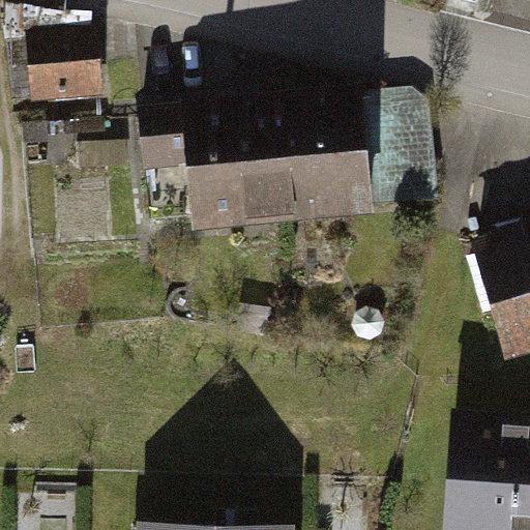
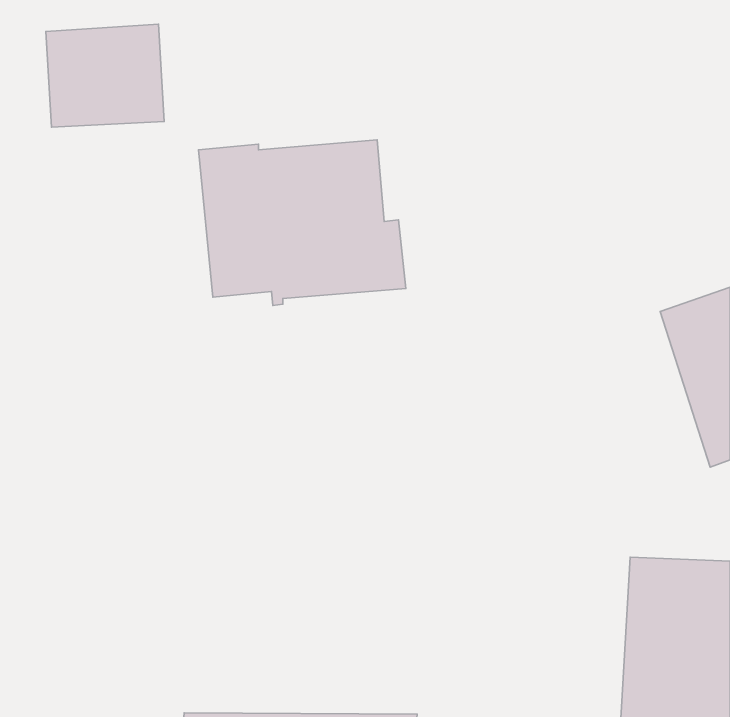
building: [273,97,434,218] -> none

